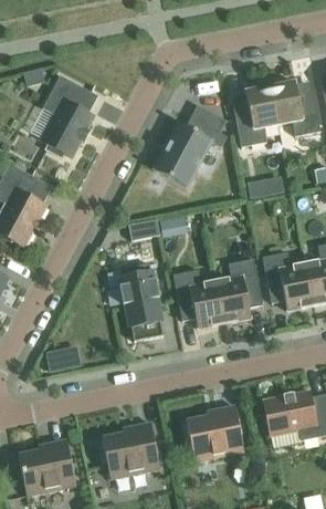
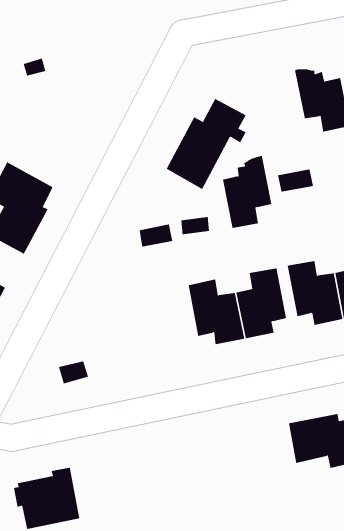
building: [40,75,97,157] -> none
building: [232,80,277,146] -> [222,155,272,229]
building: [119,263,162,341] -> none
building: [182,405,243,461] -> none
building: [97,423,159,478] -> none

